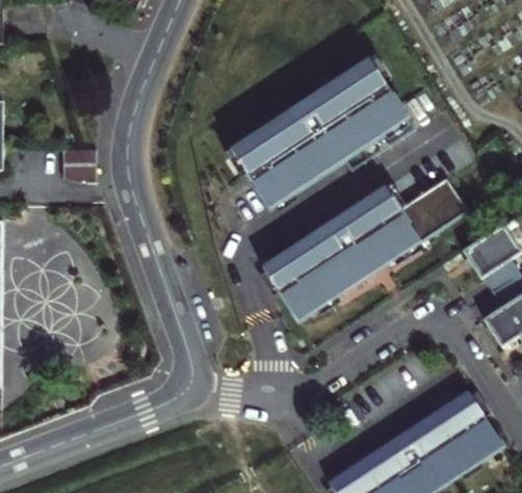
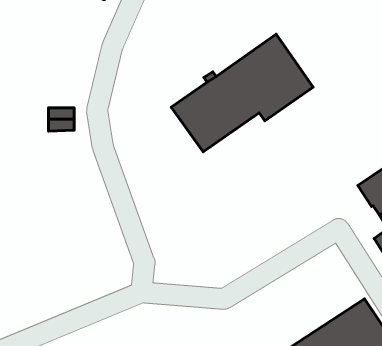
building: [261,173,464,320] -> none

